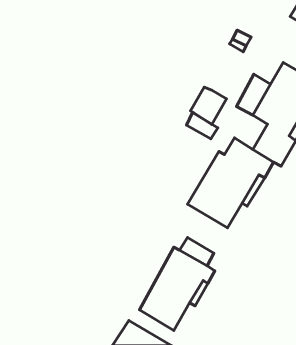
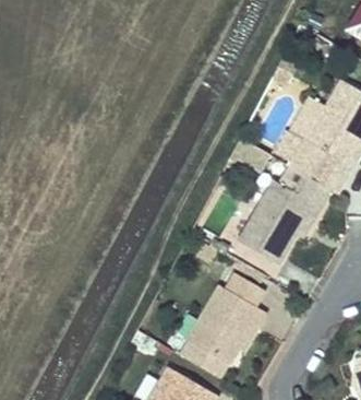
building: [190,87,227,124] -> [282,136,323,177]

